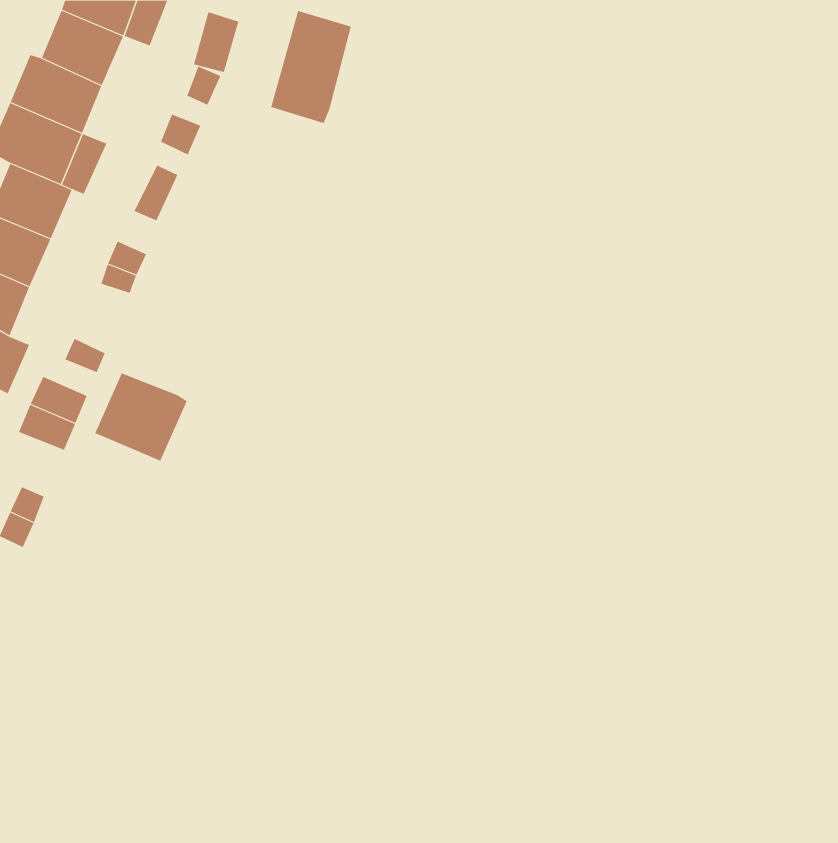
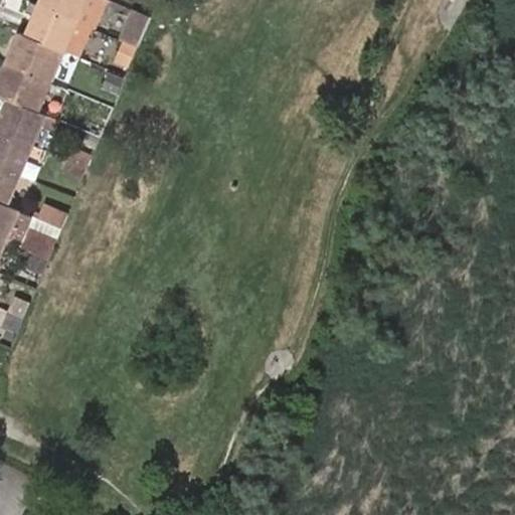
building: [270,10,351,124] -> none
building: [95,373,187,462] -> none

